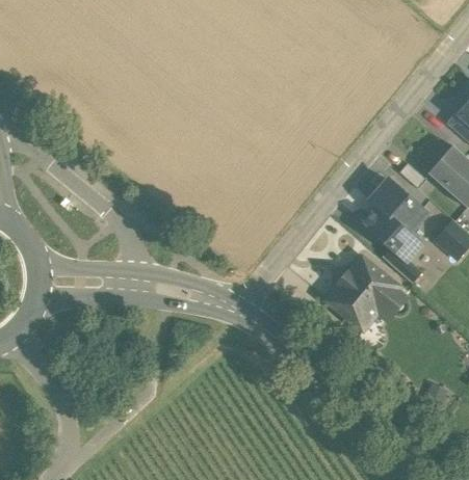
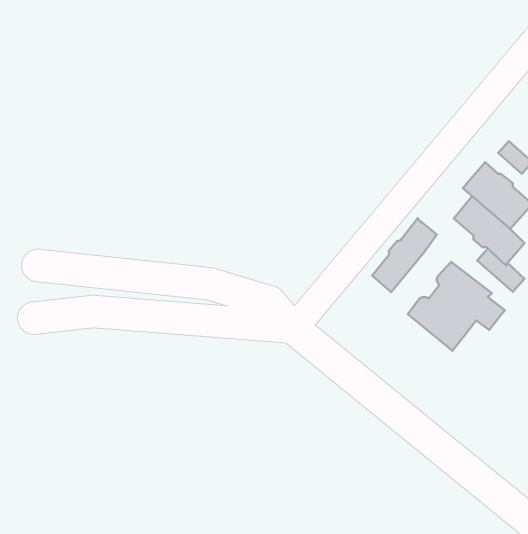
building: none -> [372,218,437,292]

